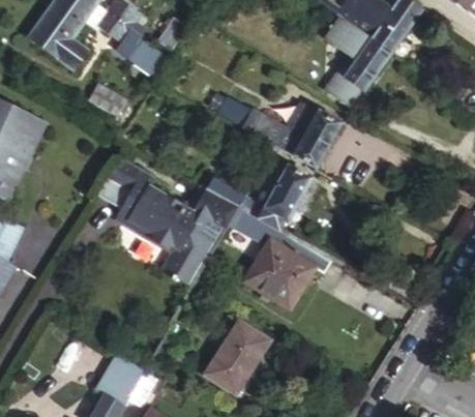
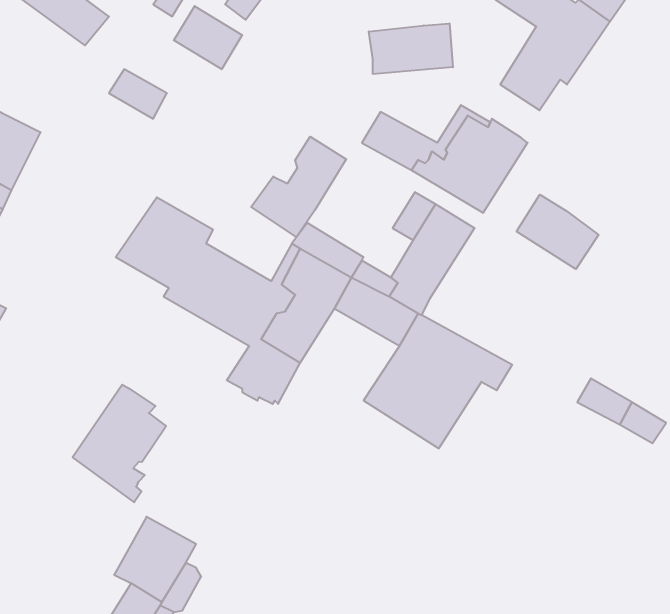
building: none -> [369,23,453,74]
building: none -> [251,137,346,237]
building: none -> [517,195,598,269]
building: none -> [73,385,166,502]
building: [202,323,269,399] -> none

